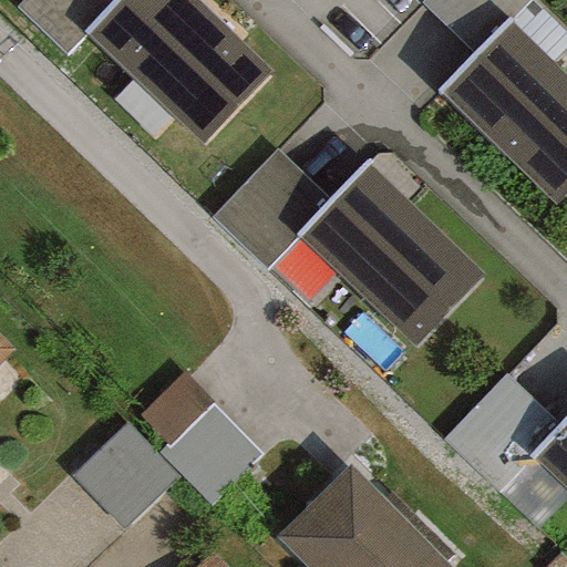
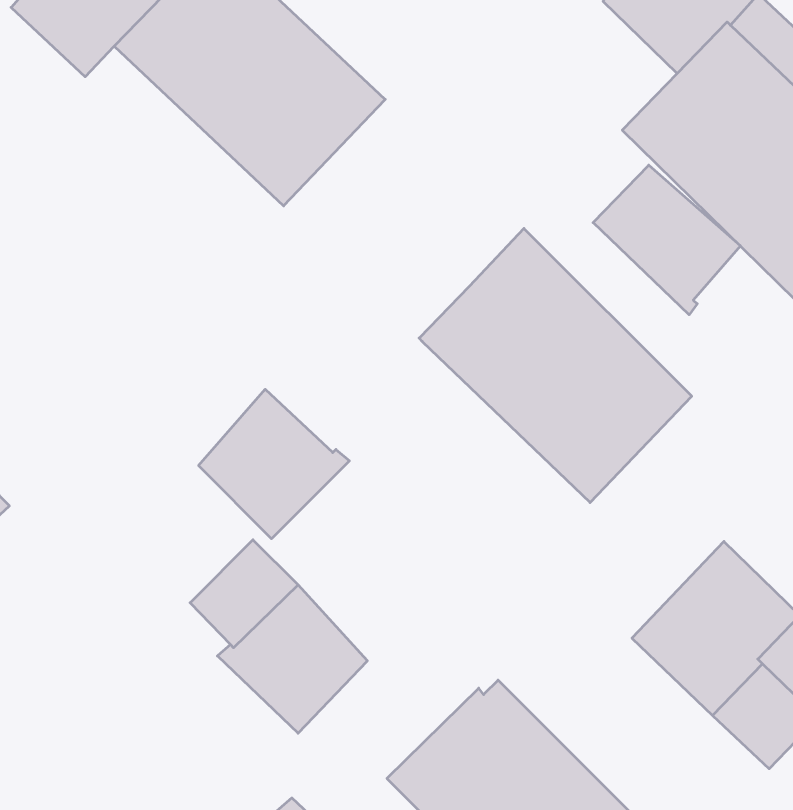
building: none -> [593,165,740,315]
building: [213,150,332,269] -> none
building: none -> [199,389,349,539]
building: [73,423,181,530] -> none

